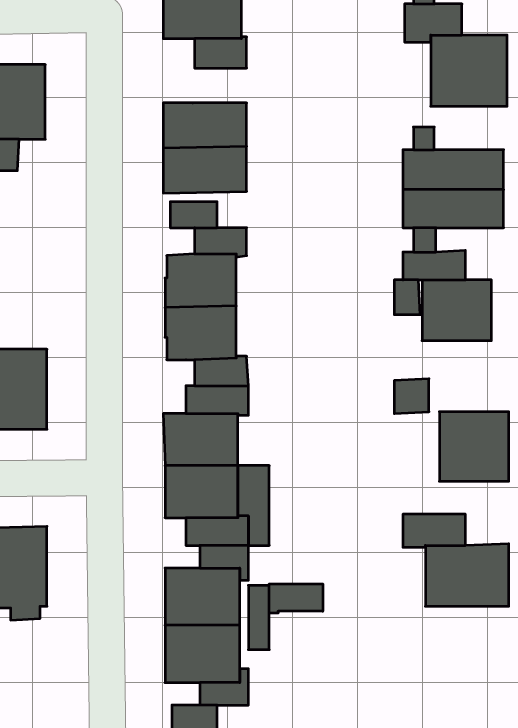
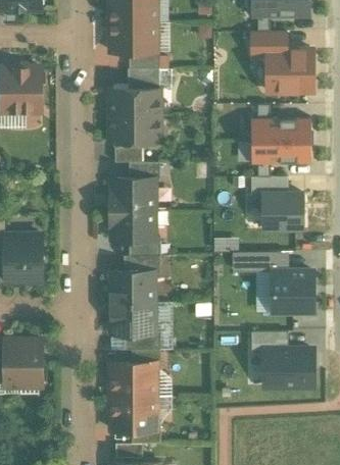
building: none -> [127,69,158,90]
building: [269,584,323,613] -> none

